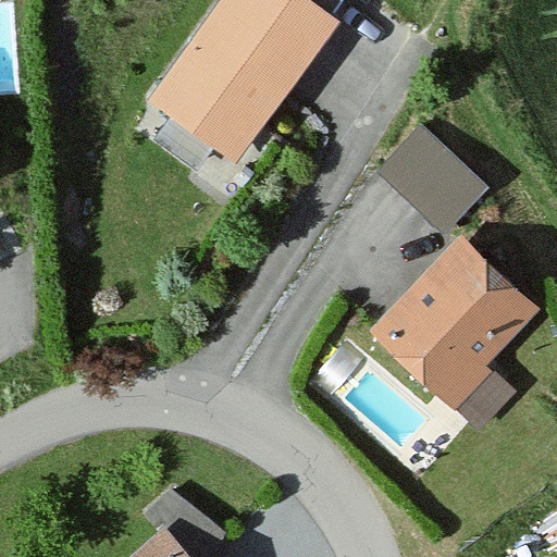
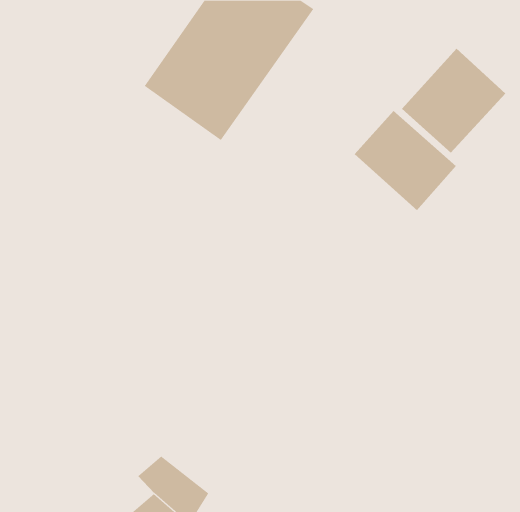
building: none -> [401,48,506,154]
building: [373,236,539,403] -> none

